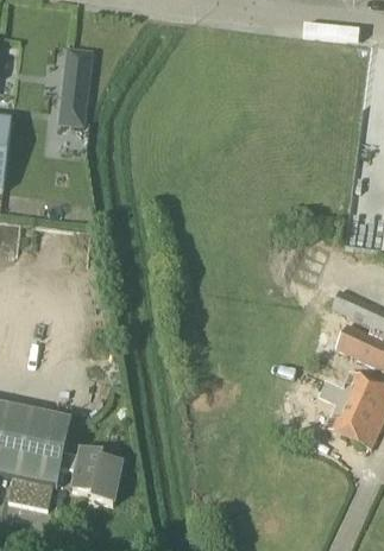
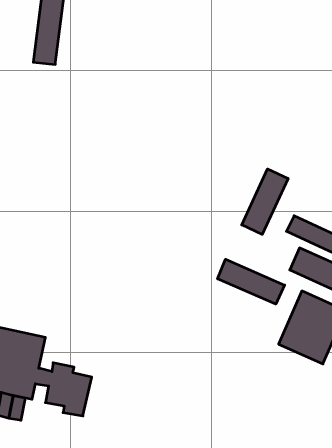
building: none -> [242,169,288,234]
building: none -> [218,259,285,304]

